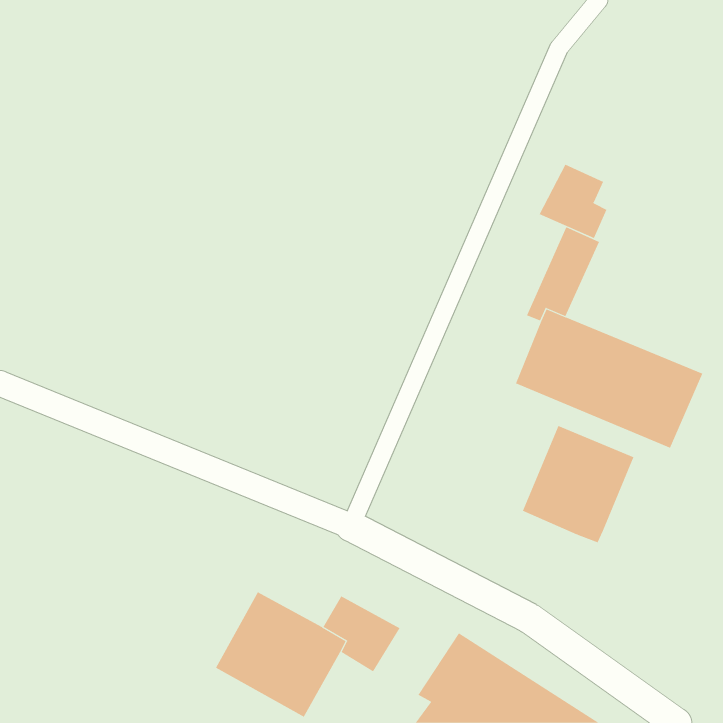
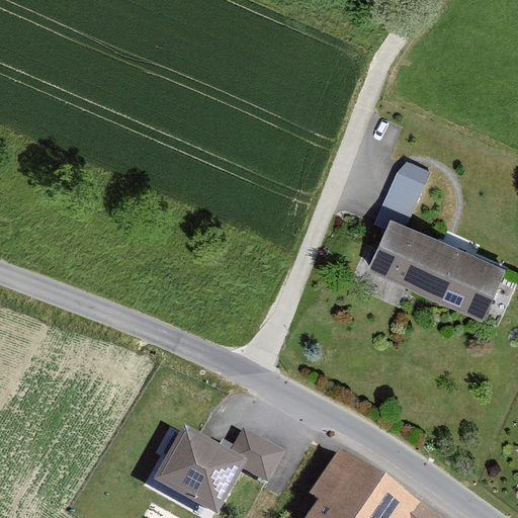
building: [539,164,607,239] -> none
building: [522,425,634,543] -> none

